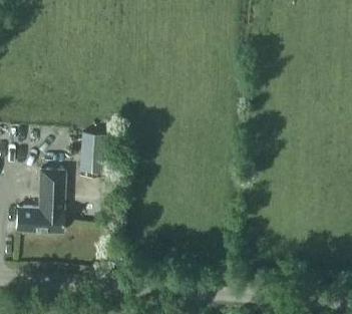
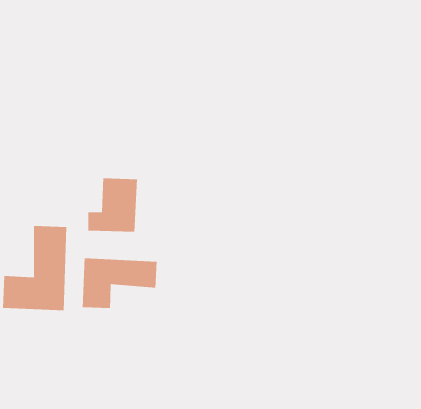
building: none -> [82,257,157,309]

